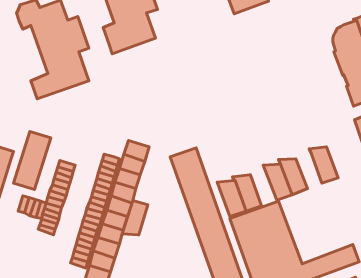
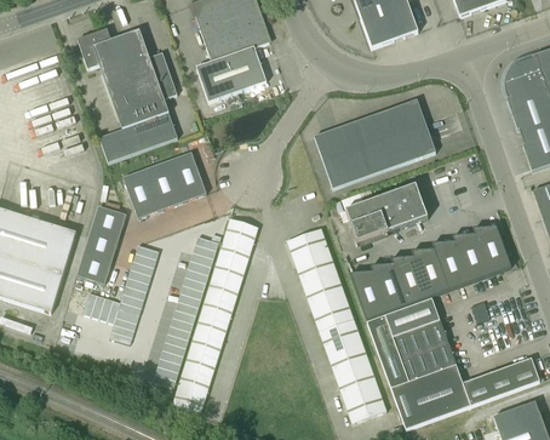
building: none -> [314,98,435,188]
building: none -> [122,152,206,217]
building: none -> [345,184,428,242]
building: none -> [452,234,489,281]
building: none -> [390,256,429,304]
building: [122,200,148,235] -> none

